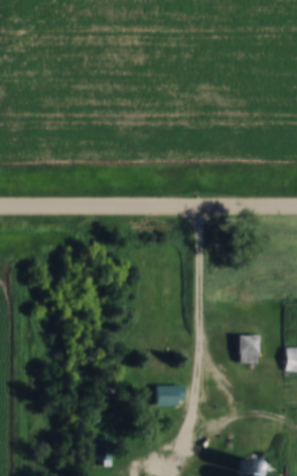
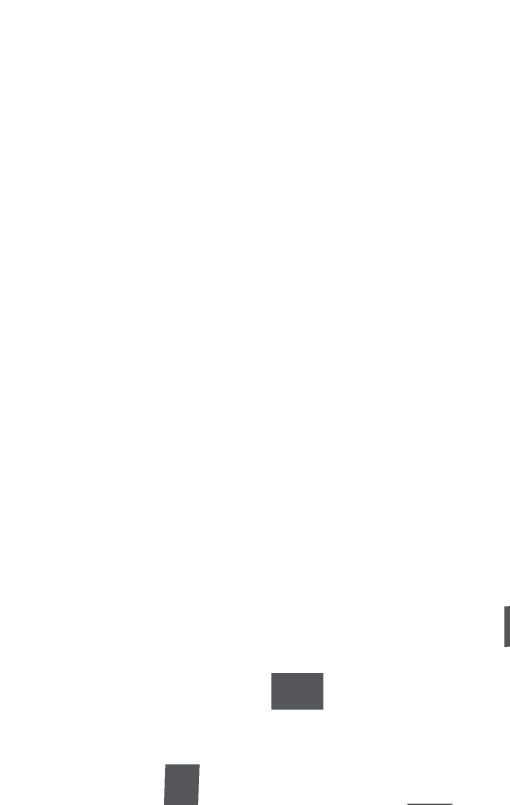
building: [239,335,260,364] -> none

